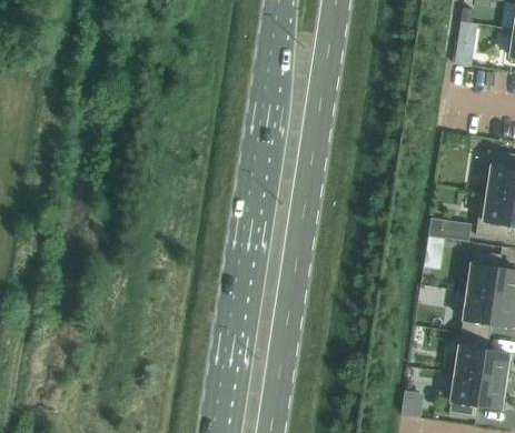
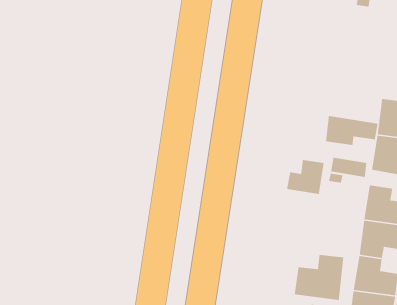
building: none -> [325,115,378,146]
building: none -> [286,159,325,195]
building: none -> [294,254,344,301]

